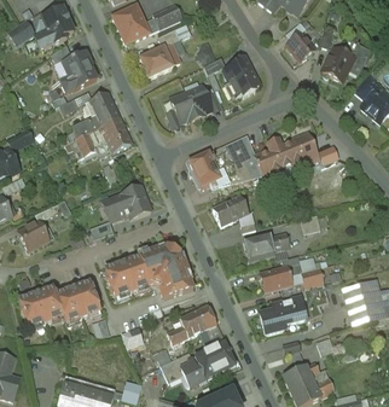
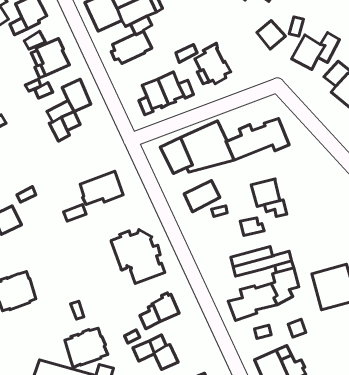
building: [100,117,129,150] -> none
building: [244,233,273,261] -> [251,179,280,206]
building: [104,256,147,295] -> none
building: [56,281,99,321] -> [65,328,108,368]
building: [196,342,233,379] -> none

